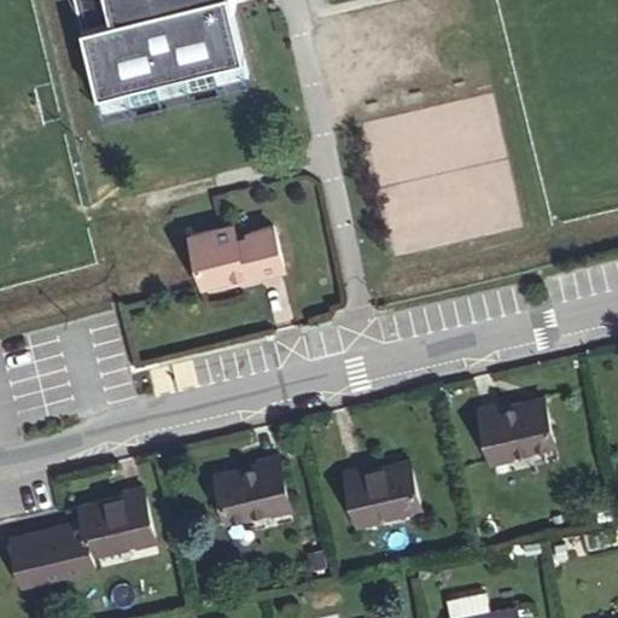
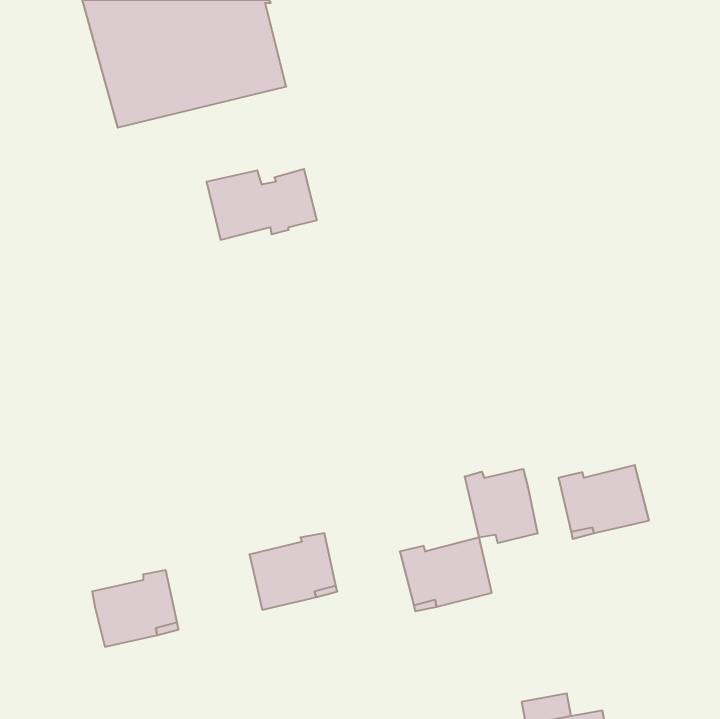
building: [187,227,281,287] -> [206,169,317,240]
building: none -> [465,469,538,543]
building: [8,521,93,588] -> none

